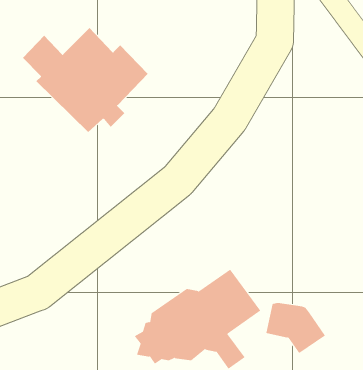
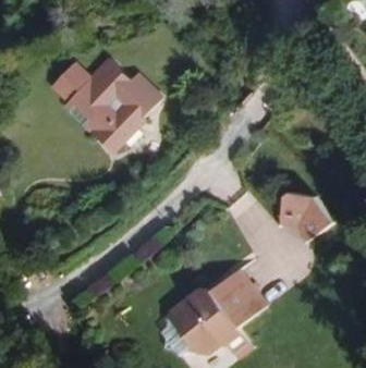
building: [266,302,326,354] -> [278,189,331,235]

